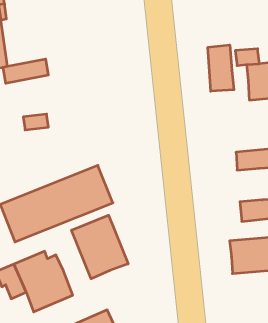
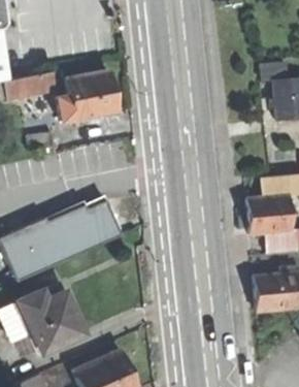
building: [208,45,234,91] -> none
building: none -> [58,73,118,122]
building: none -> [250,194,292,232]
building: [72,215,128,279] -> none

